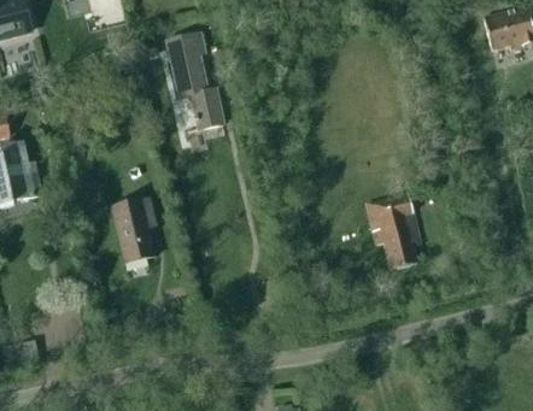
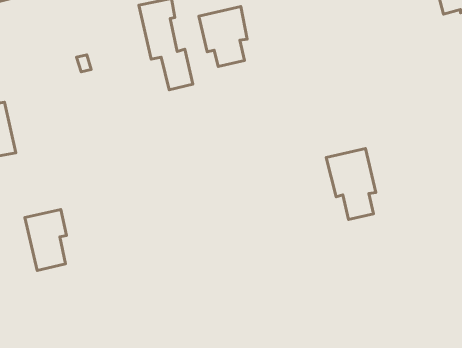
building: none -> [199,6,247,67]
building: [111,198,156,263] -> [25,210,66,271]

